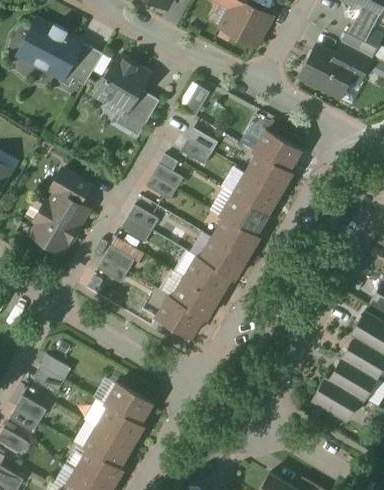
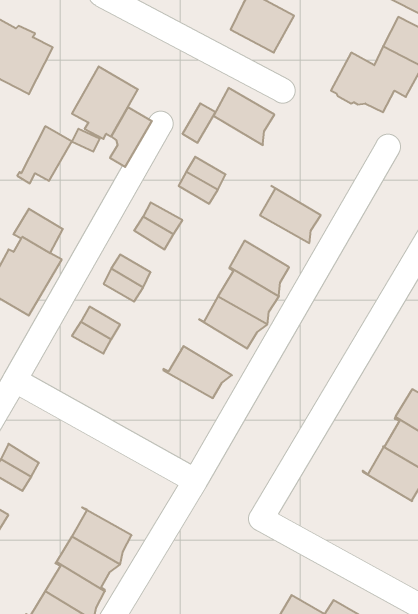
building: [59,42,102,87] -> [17,126,72,183]
building: [253,129,301,174] -> [213,88,274,145]
building: [232,174,283,215] -> none
building: [184,256,234,300] -> none
building: [155,296,207,338] -> none
building: [312,376,364,419] -> none
building: [104,383,152,426] -> none

